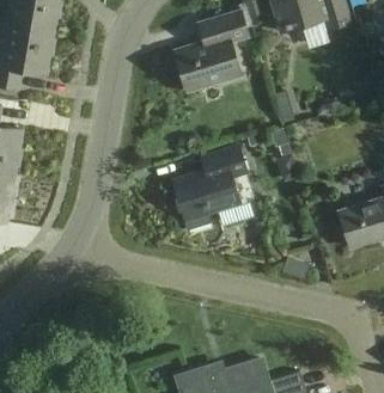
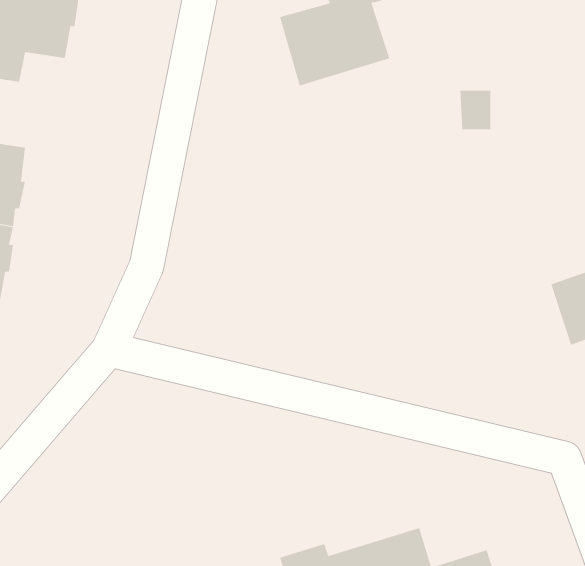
building: [173,146,248,231] -> none

